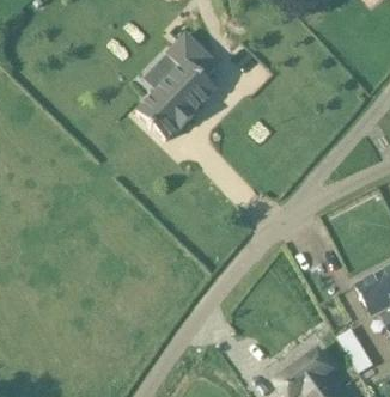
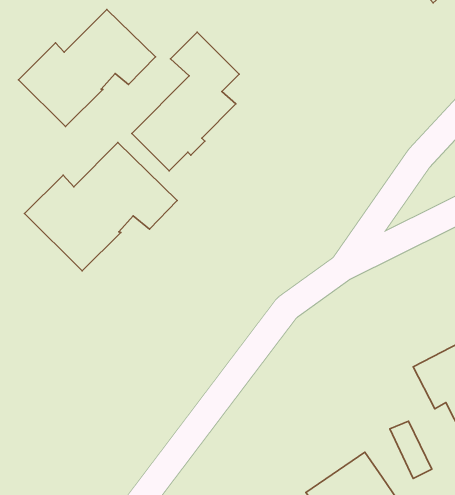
building: none -> [19,10,155,127]
building: none -> [25,142,177,271]

